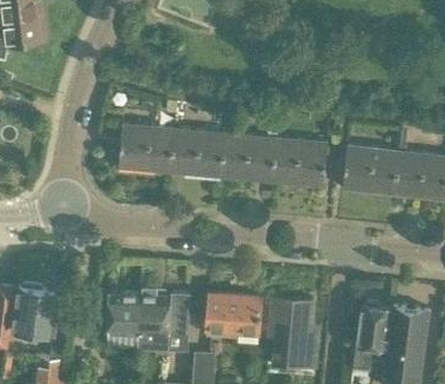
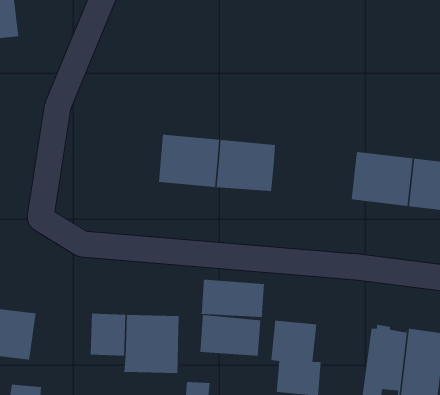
building: [117,126,172,174] -> none
building: [271,140,327,187] -> none
building: none -> [201,279,265,318]

